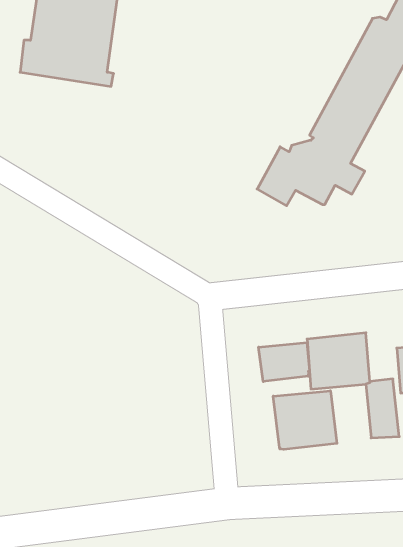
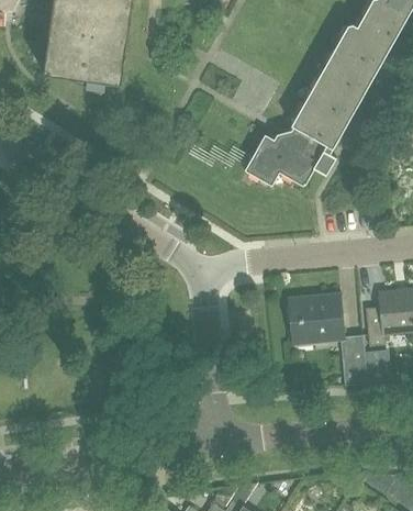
building: [259,343,309,382] -> none
building: [273,391,337,449] -> none

